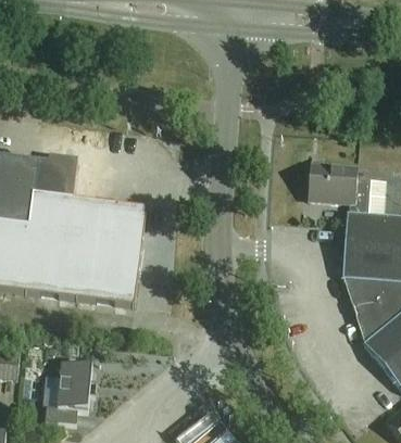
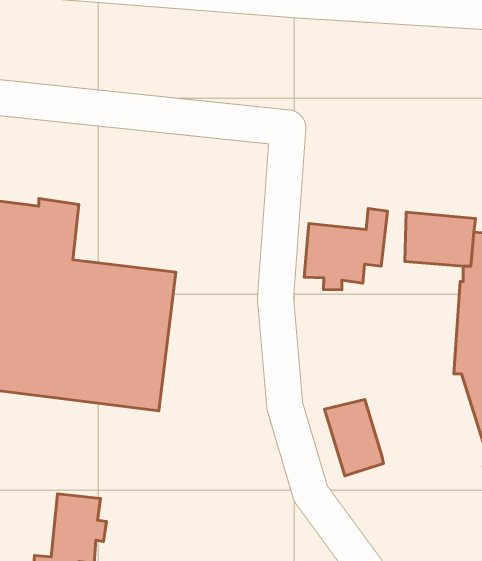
building: none -> [304,209,388,290]
building: none -> [324,400,384,476]

